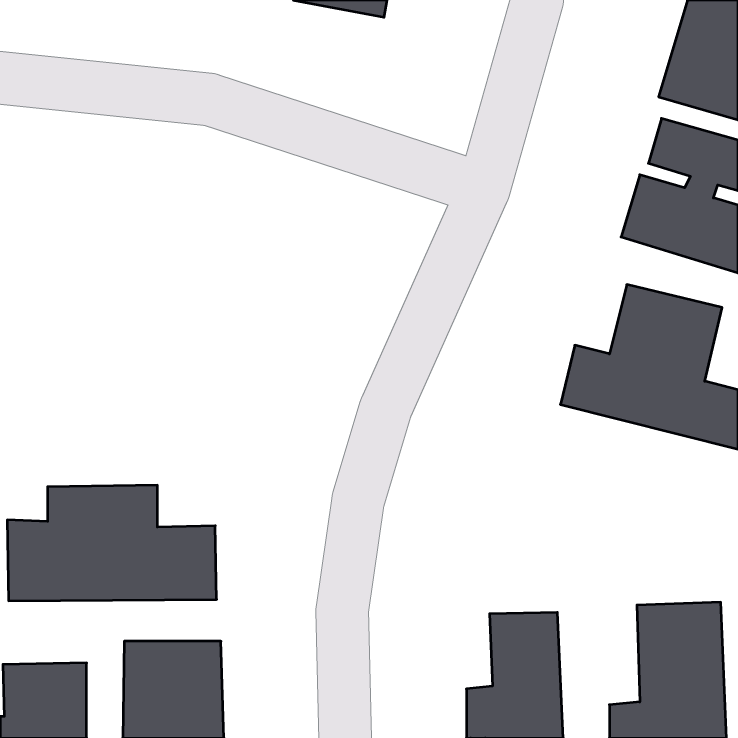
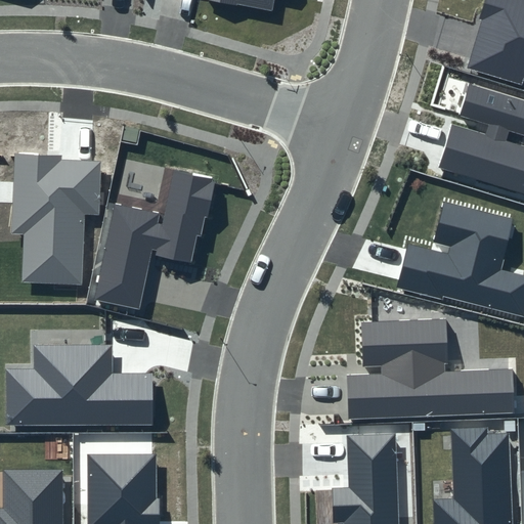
building: none -> [12,154,101,285]
building: none -> [93,171,214,310]
building: none -> [346,319,516,420]

